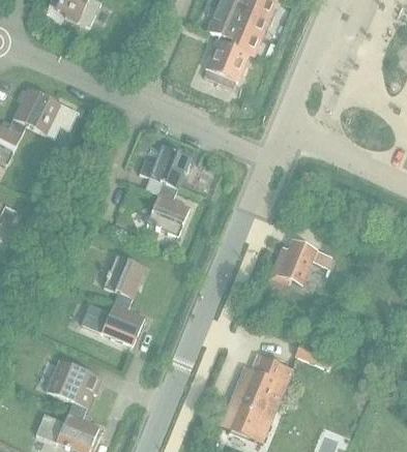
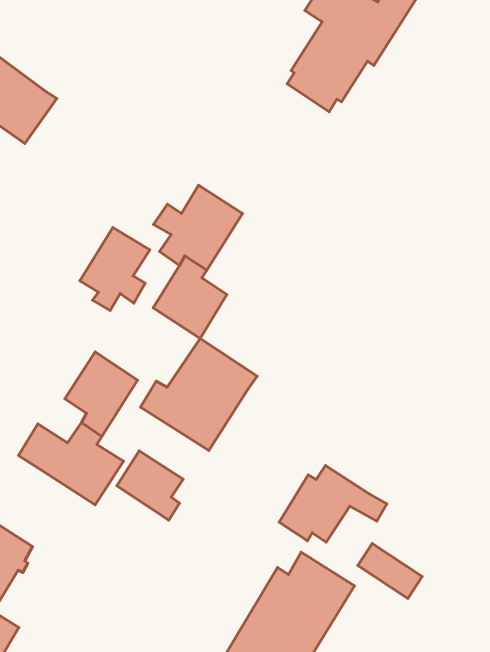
building: none -> [80,227,150,310]
building: none -> [141,339,257,451]
building: [270,238,332,284] -> [279,466,387,542]
building: none -> [117,451,183,520]

